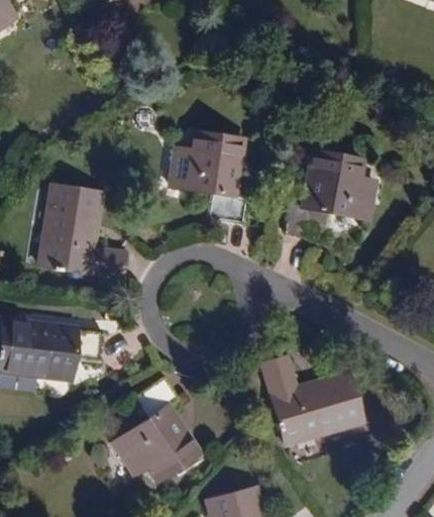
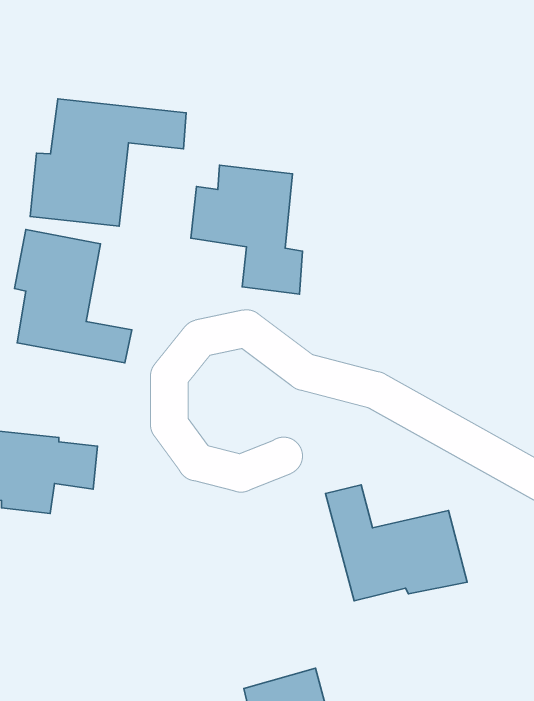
building: none -> [30,99,186,226]
building: [284,149,373,237] -> none
building: [115,380,201,481] -> none

